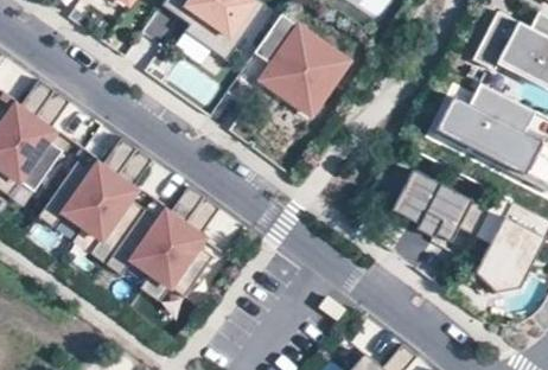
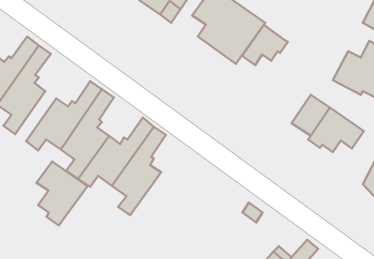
building: none -> [242,25,288,65]
building: none -> [37,161,87,226]

